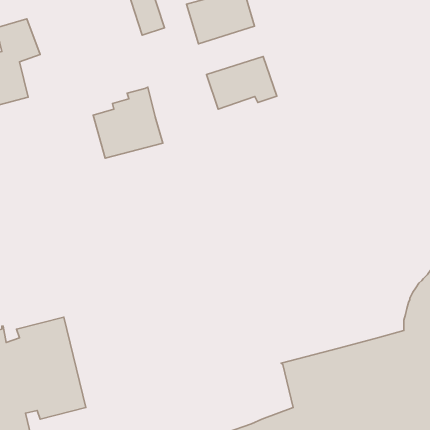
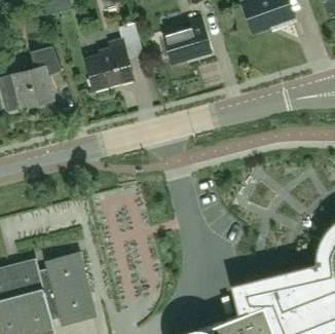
building: [207,56,277,109] -> none
building: [93,87,163,158] -> [85,40,134,89]

